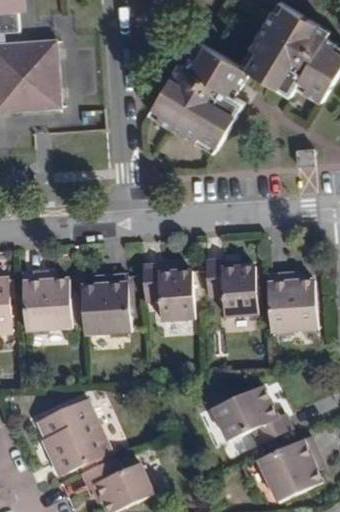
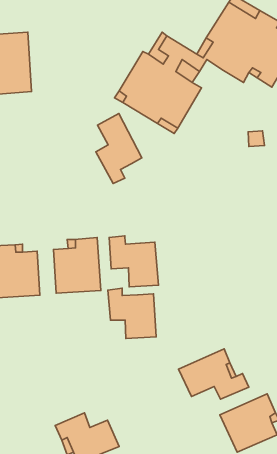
building: none -> [96,114,142,183]
building: [207,260,260,315] -> [108,288,156,339]
building: [266,273,319,331] -> none
building: [34,401,109,475] -> none

